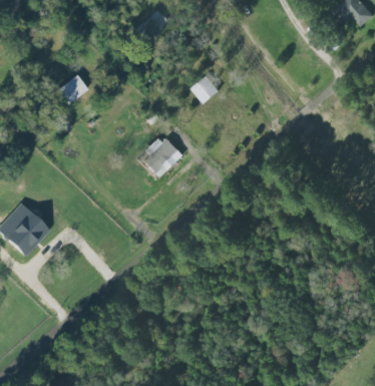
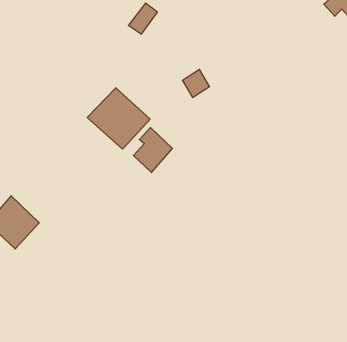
building: [57,74,87,102] -> none
building: none -> [87,88,150,149]

